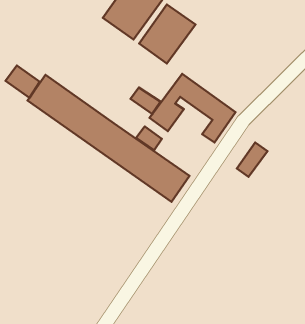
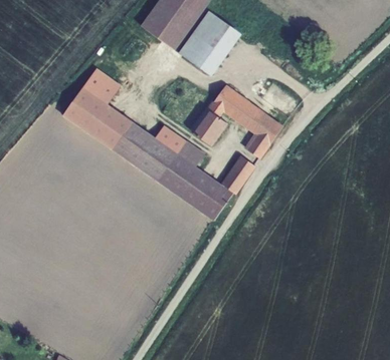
building: [5,65,40,98] -> [81,70,118,104]
building: [130,87,161,114] -> [154,125,186,153]
building: [237,143,267,177] -> [222,156,254,193]

